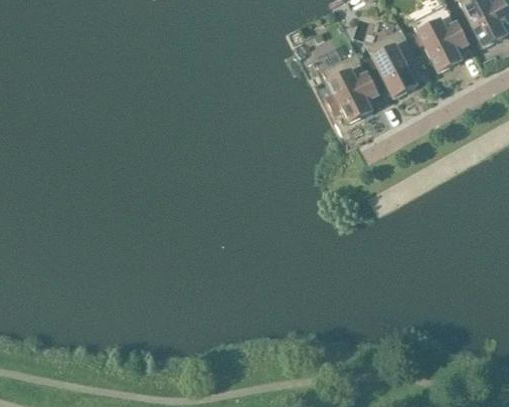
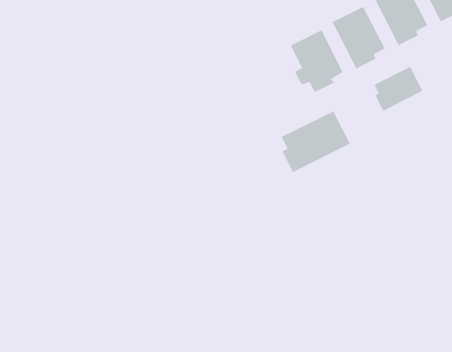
building: none -> [373,66,424,112]
building: none -> [281,110,351,173]

